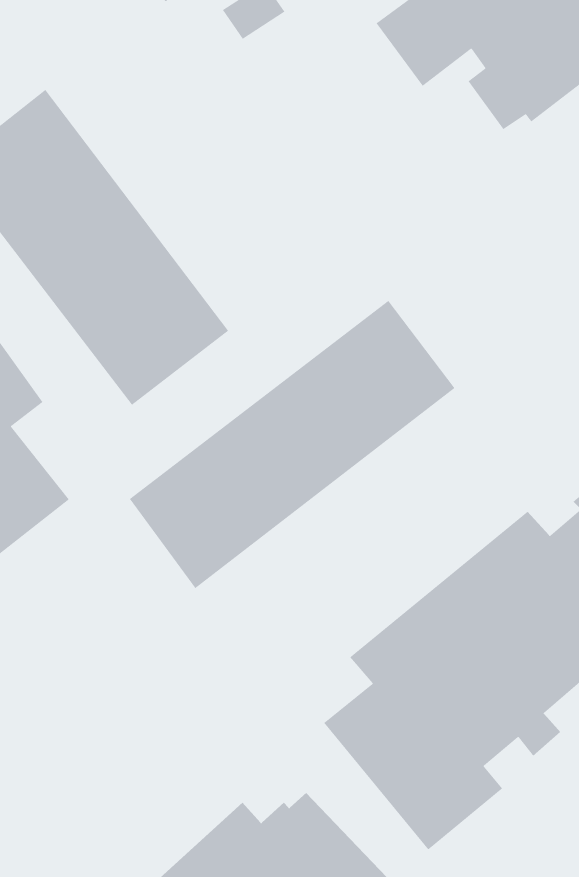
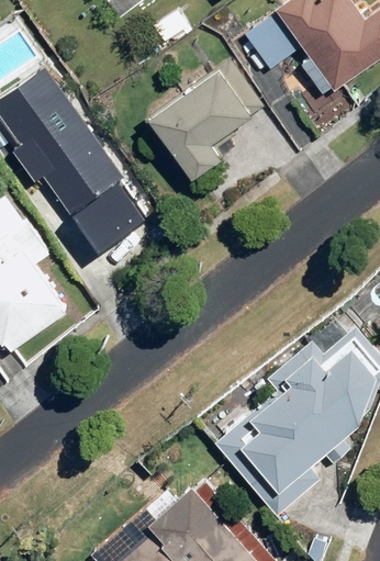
building: none -> [144,57,265,179]
building: [129,300,456,589] -> none

